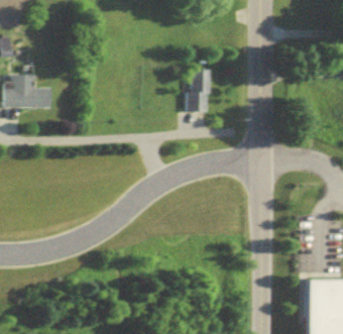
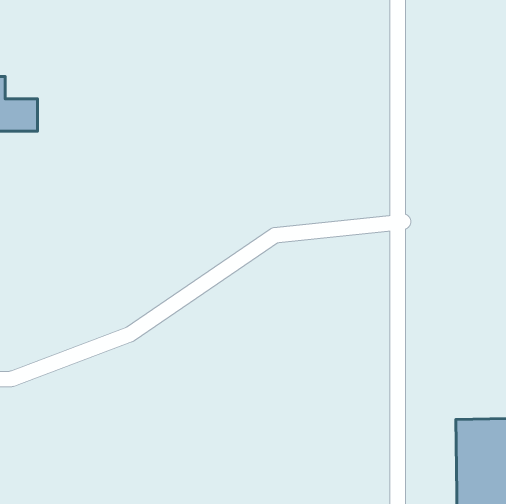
building: [189,71,211,112] -> none

